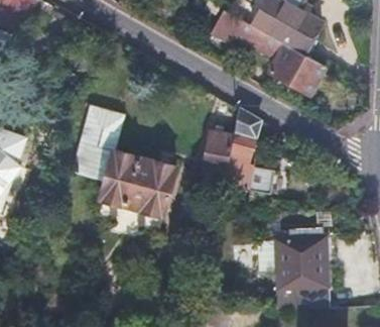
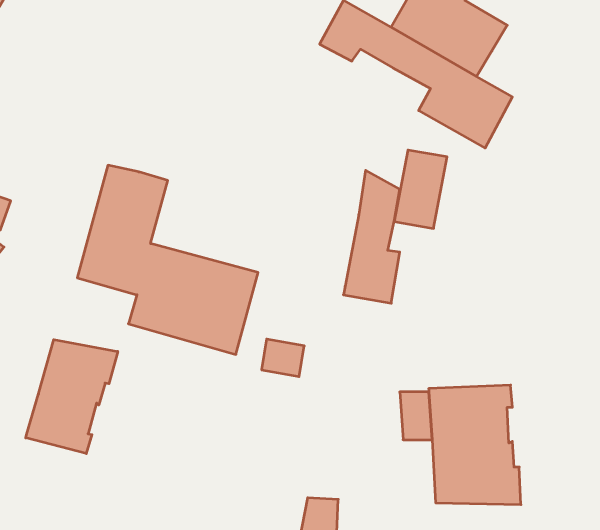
building: [204,131,235,178] -> [394,150,447,228]
building: none -> [26,340,118,454]

